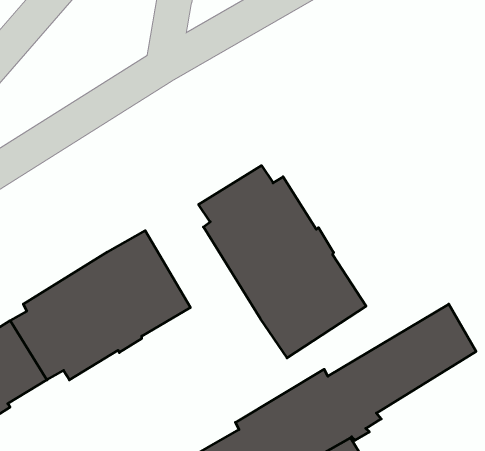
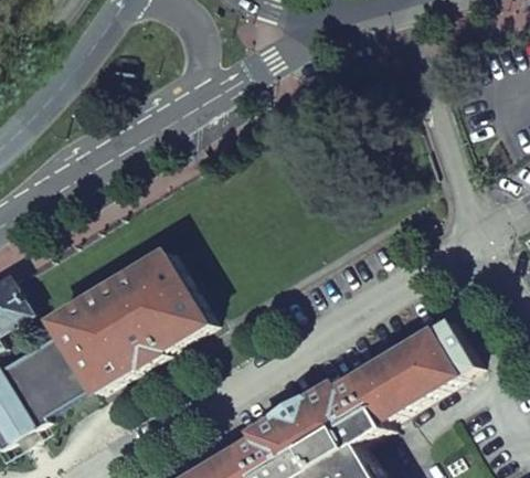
building: [199,166,366,358] -> none

